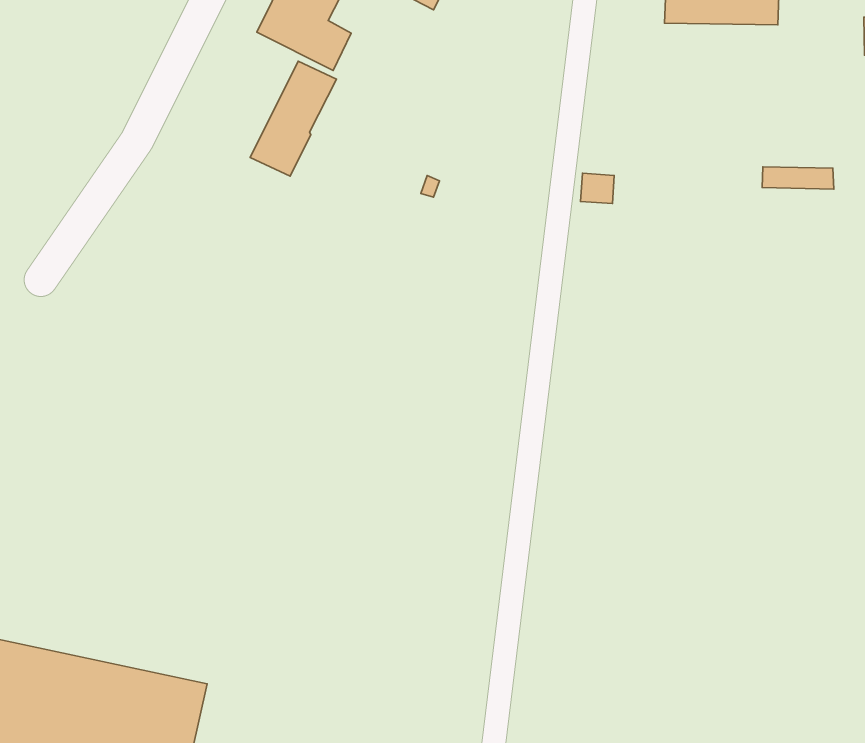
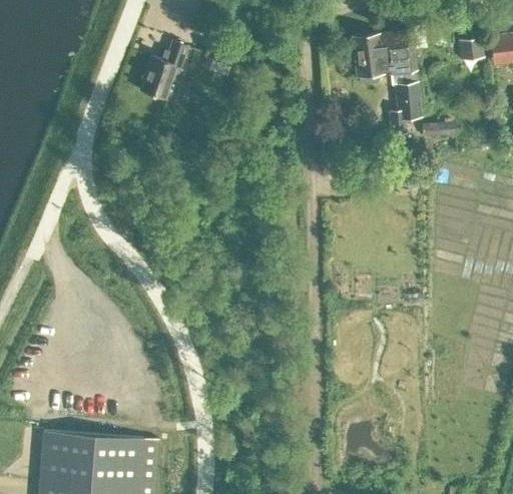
building: none -> [356,51,422,136]
building: [250,61,336,176] -> none

